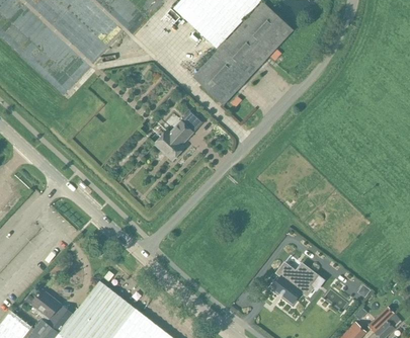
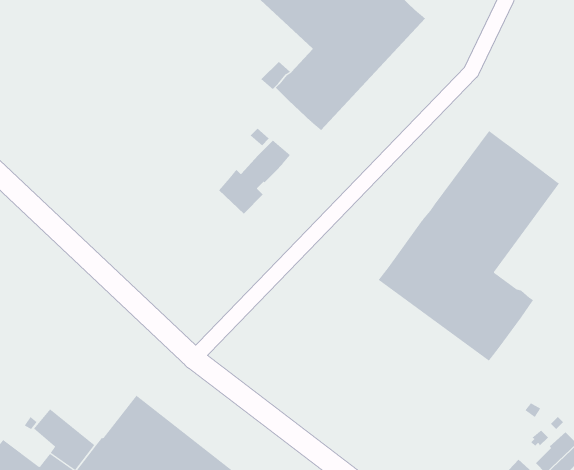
building: none -> [378,130,560,362]
building: [272,262,321,304] -> none

